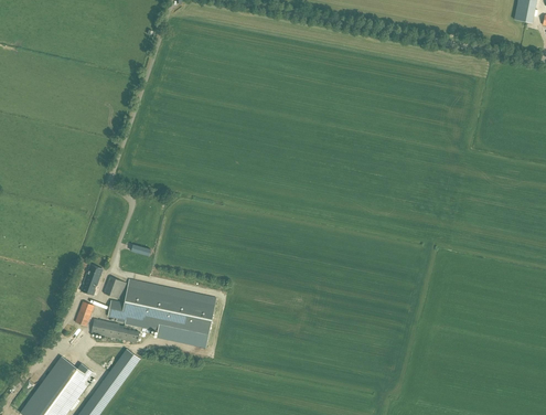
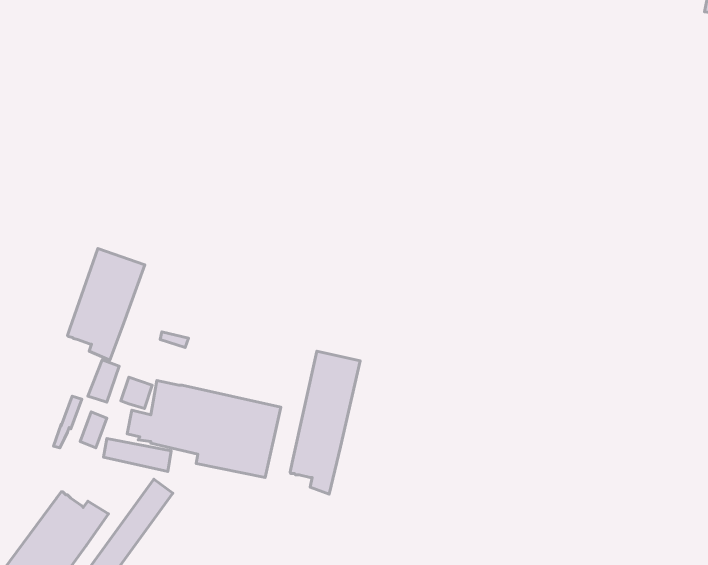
building: none -> [68,248,145,360]
building: none -> [290,351,360,494]

